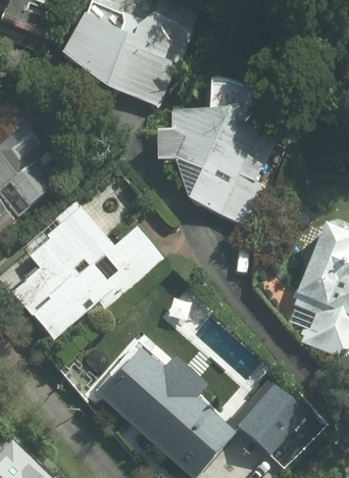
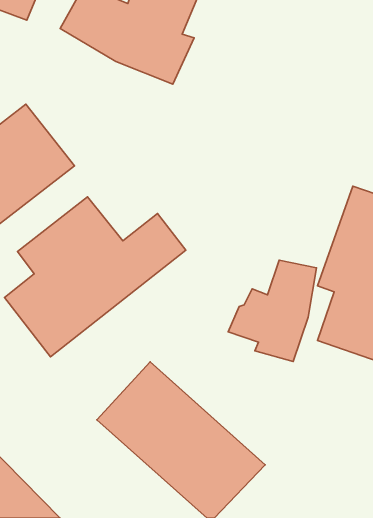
building: [157,86,269,227] -> none
building: none -> [228,260,317,362]
building: [242,382,307,448] -> none

